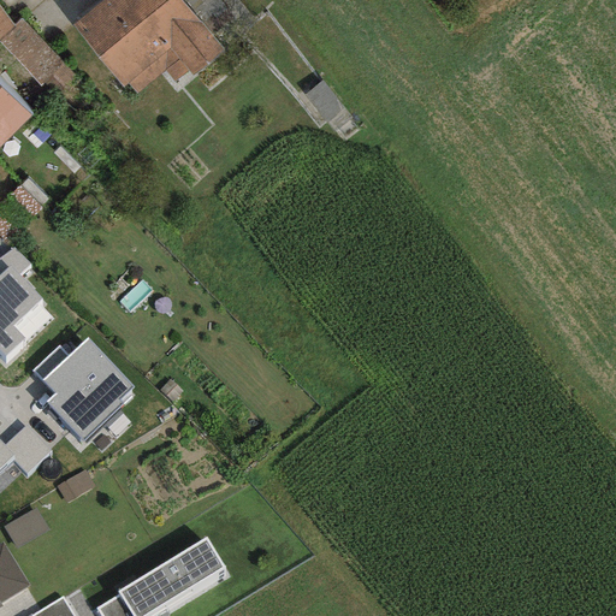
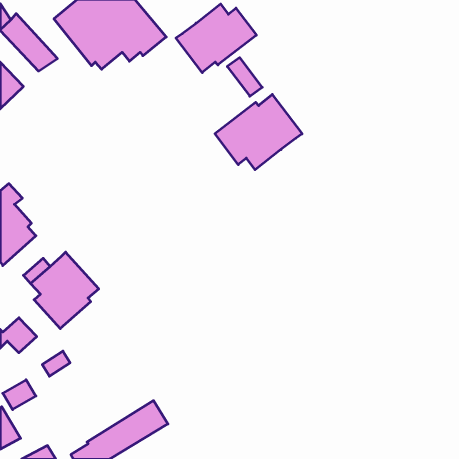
building: none -> [176,4,256,73]
building: none -> [215,94,302,170]

